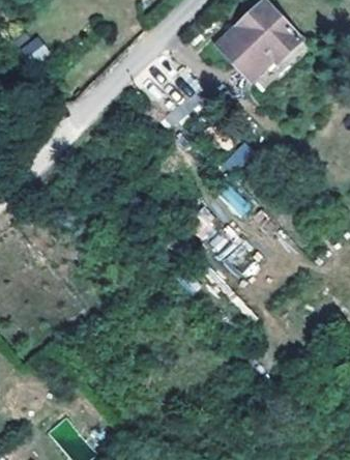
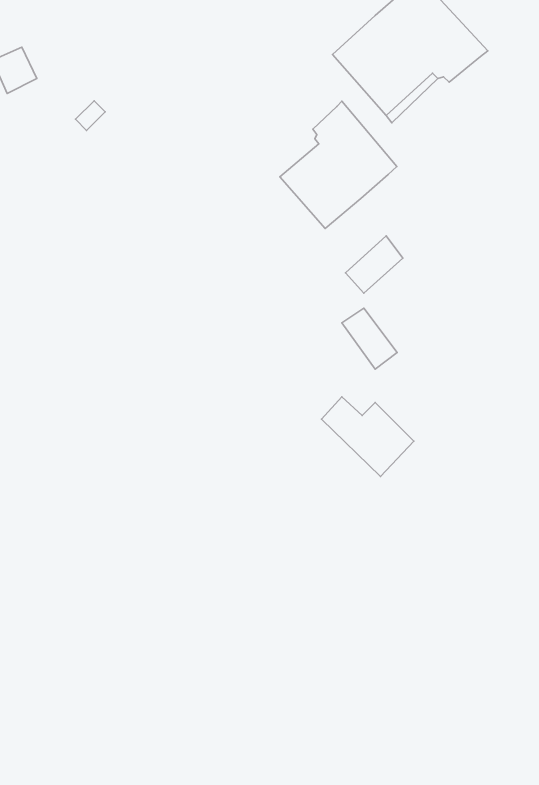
building: none -> [280,101,397,228]

